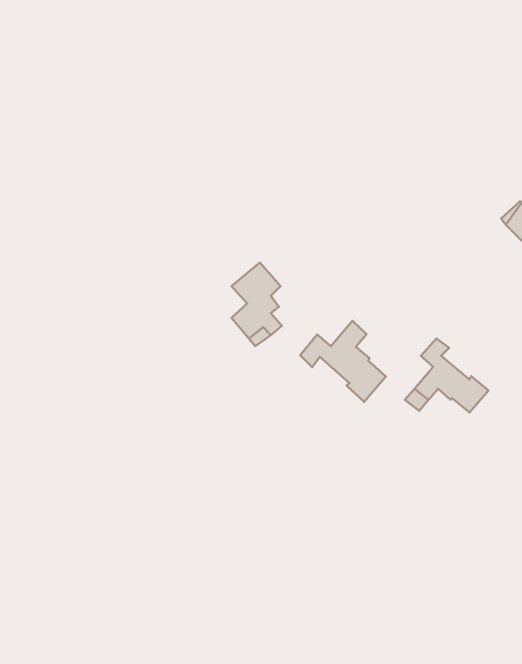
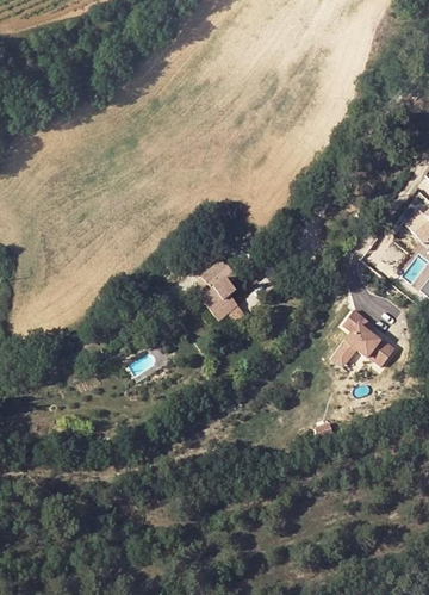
building: [300,321,386,402] -> none

